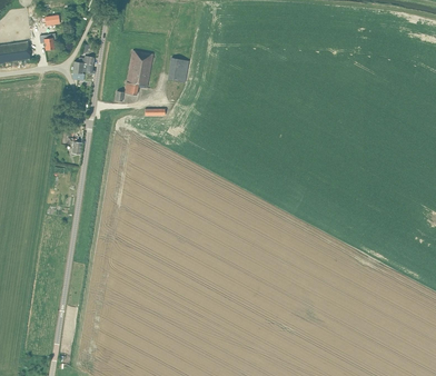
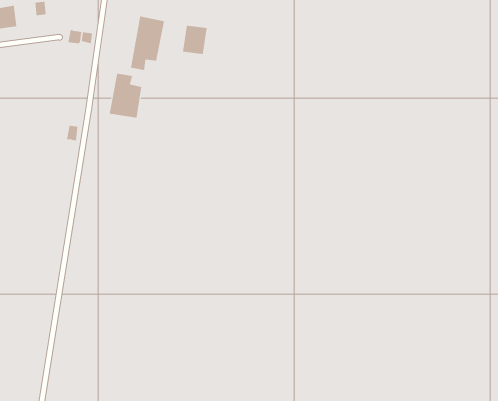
building: none -> [109,73,142,119]

